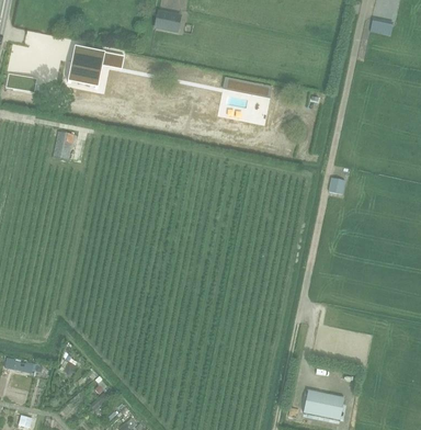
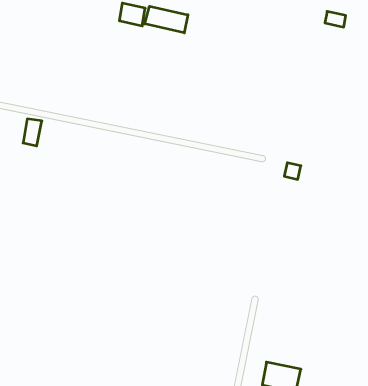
building: none -> [145,6,188,33]
building: [69,46,120,80] -> none

